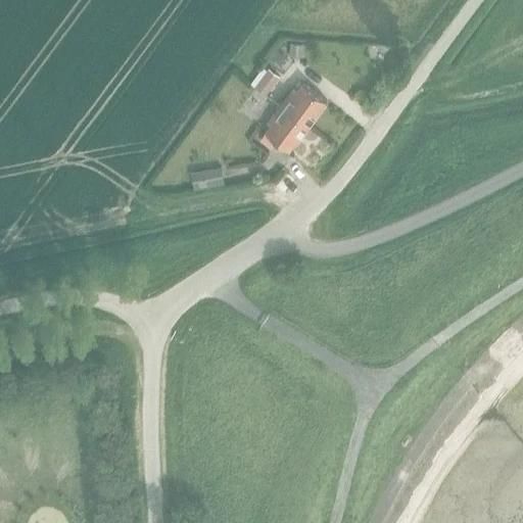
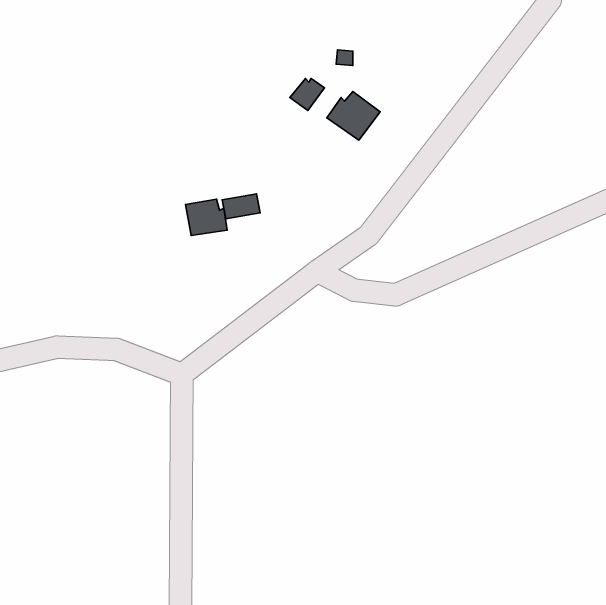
building: [260,103,310,149] -> none
building: none -> [186,199,227,236]

